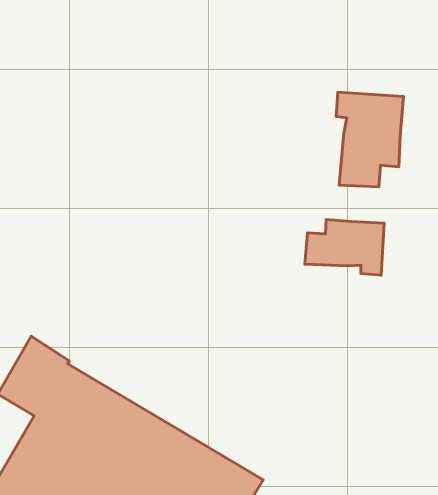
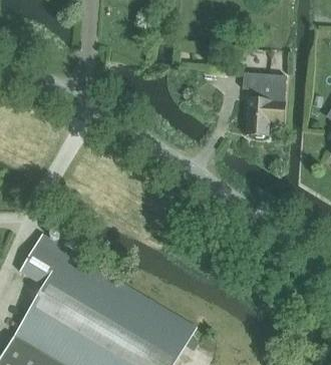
building: [305,219,384,275] -> none

